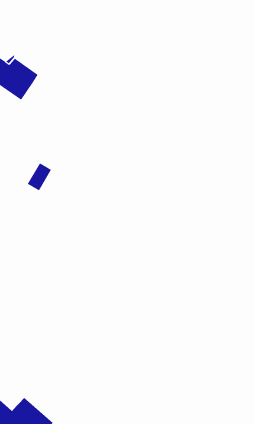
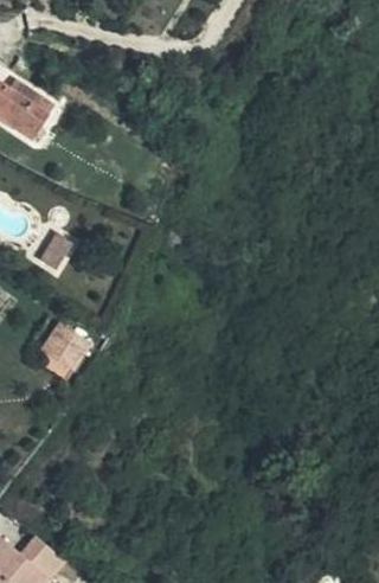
building: none -> [41,321,88,365]

